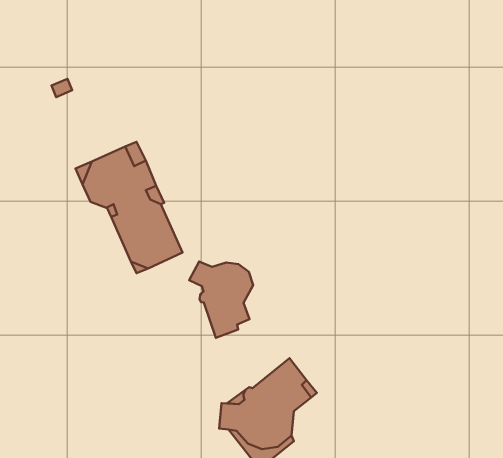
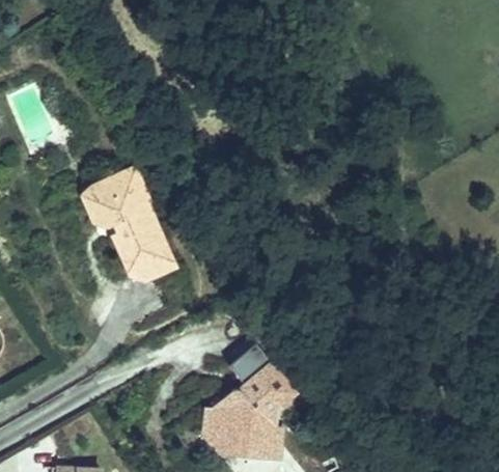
building: [189,262,253,338] -> none

